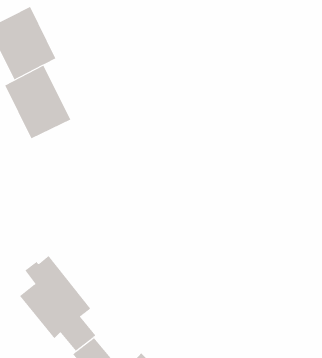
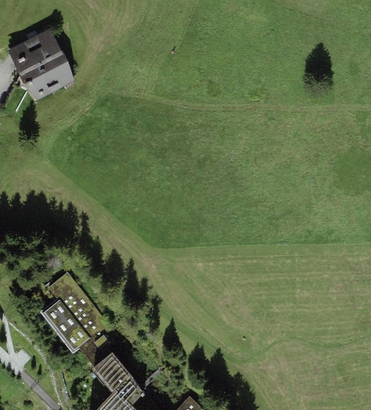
building: [4,65,71,139] -> none

